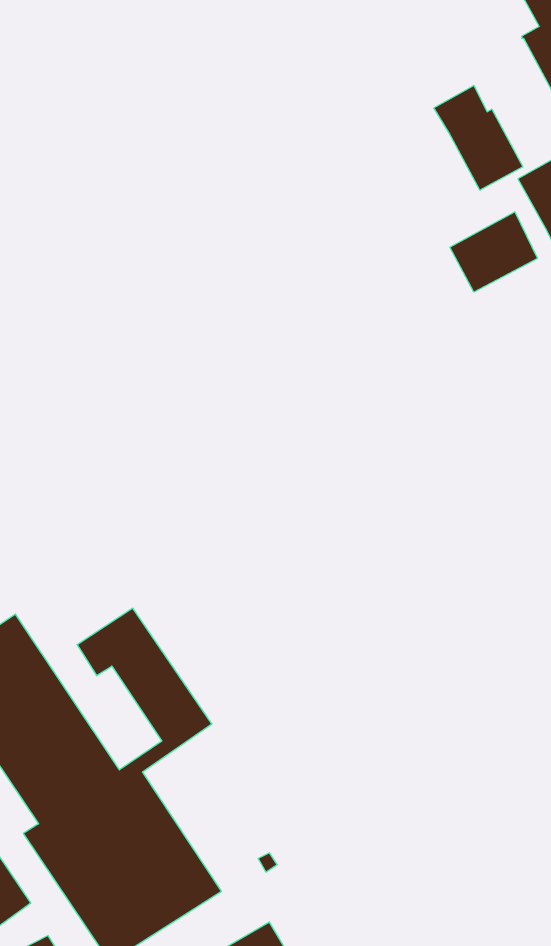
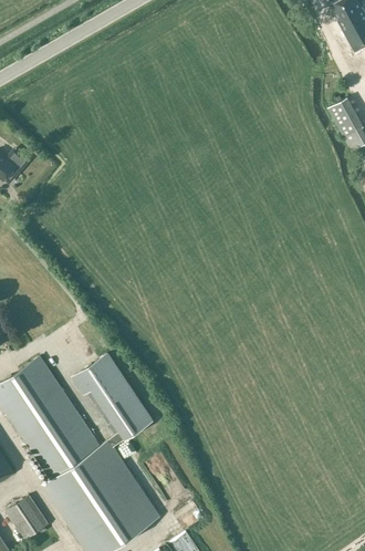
building: [434,85,523,190] -> none
building: [450,212,538,292] -> none

